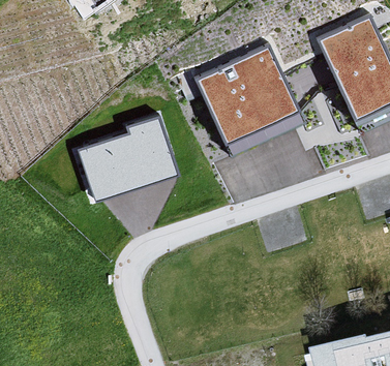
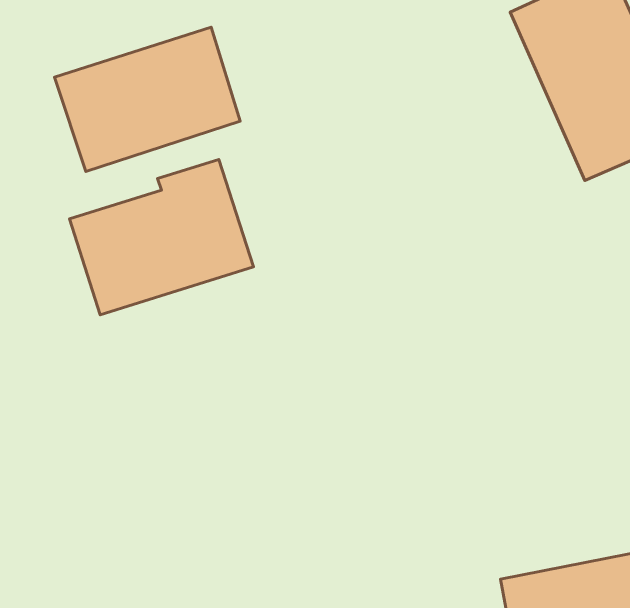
building: [192,45,305,156] -> none
building: none -> [54,27,240,172]

